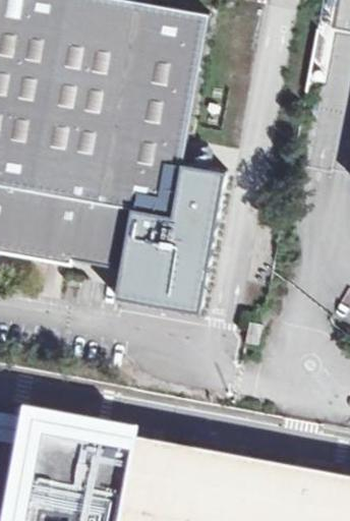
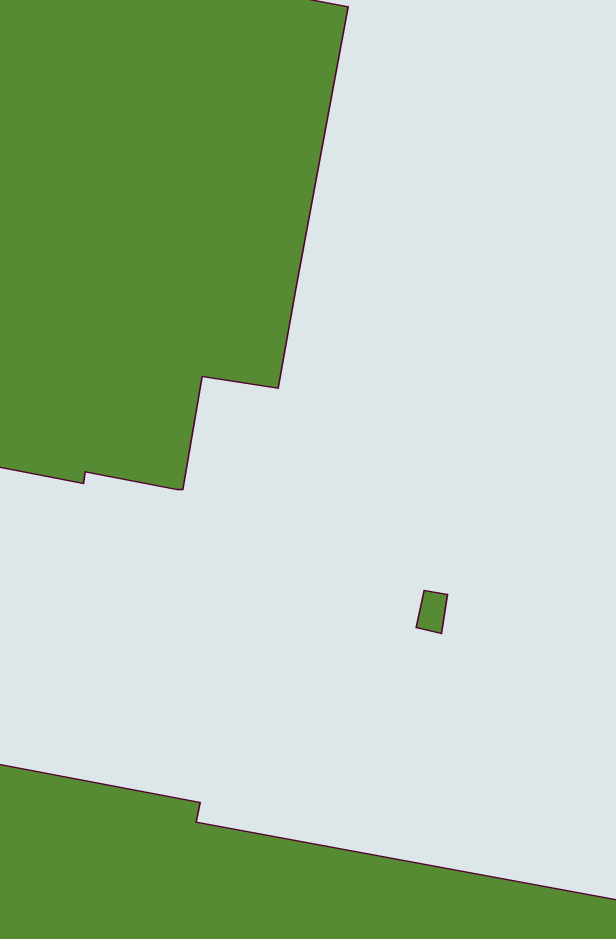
building: [113,162,223,312] -> none

